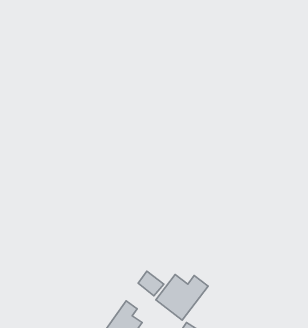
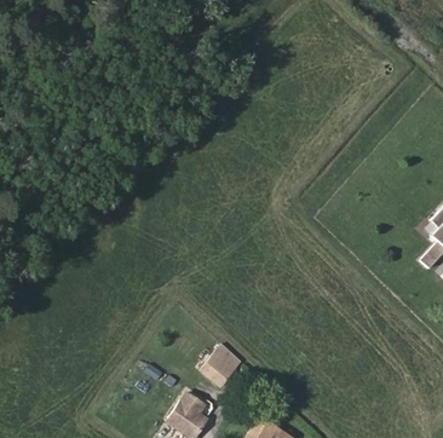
building: [156,274,208,320] -> none

